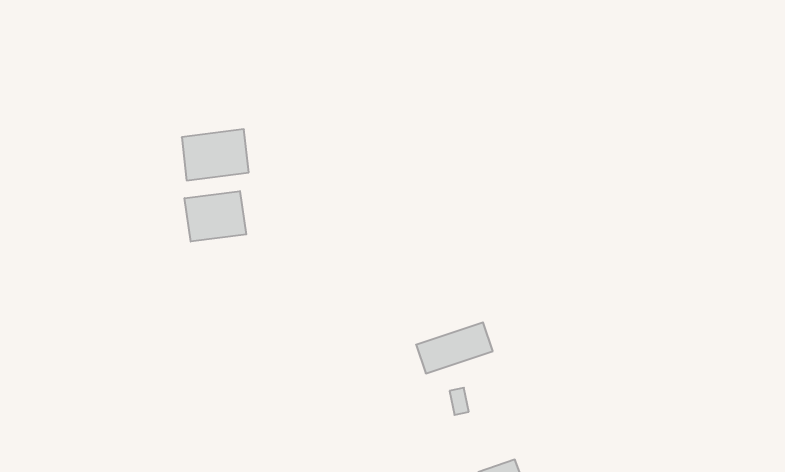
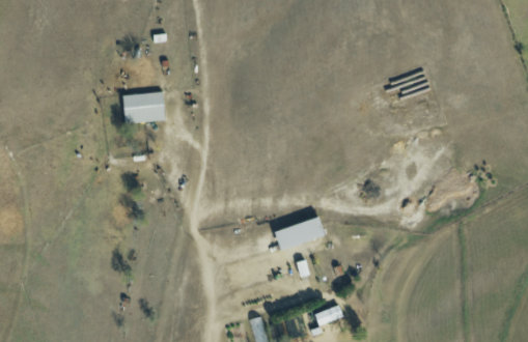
building: [185,191,246,242] -> none

